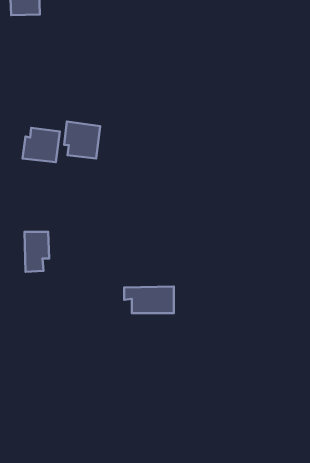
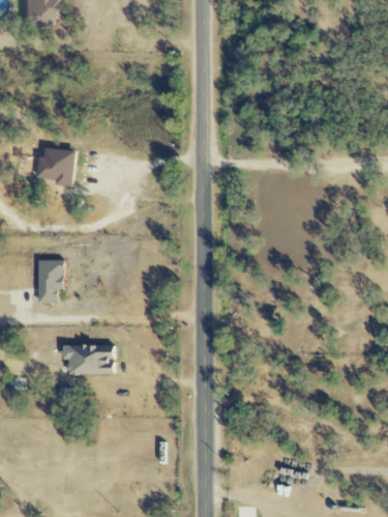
building: [64,122,100,159] -> none
building: [124,287,174,313] -> [62,344,116,373]

